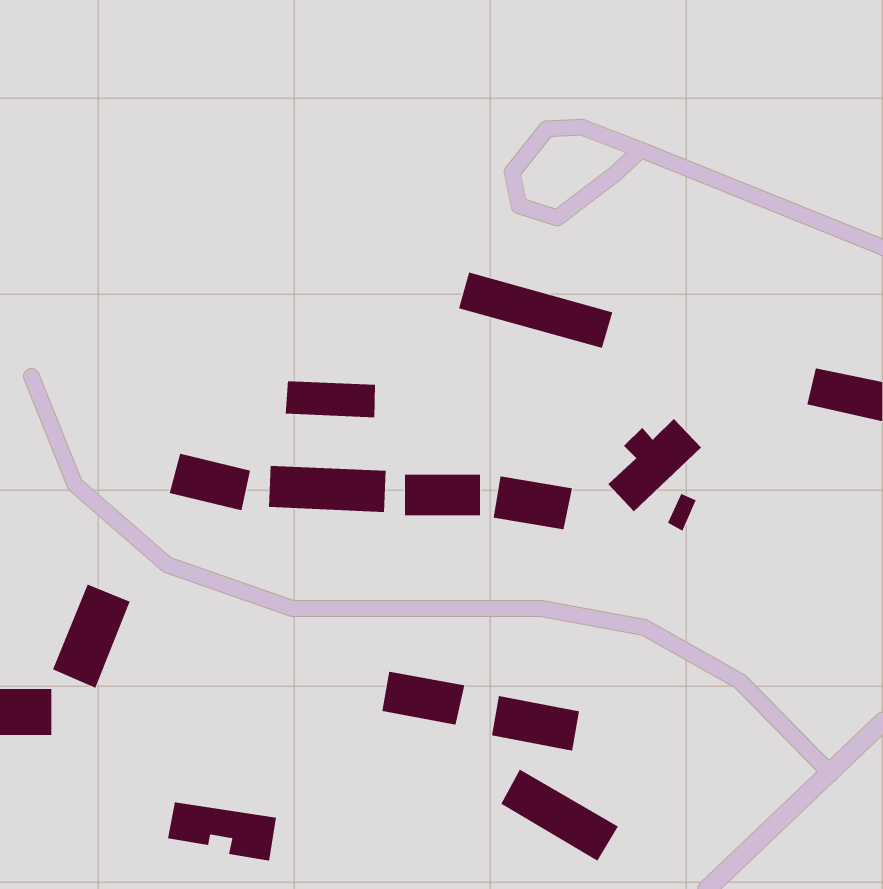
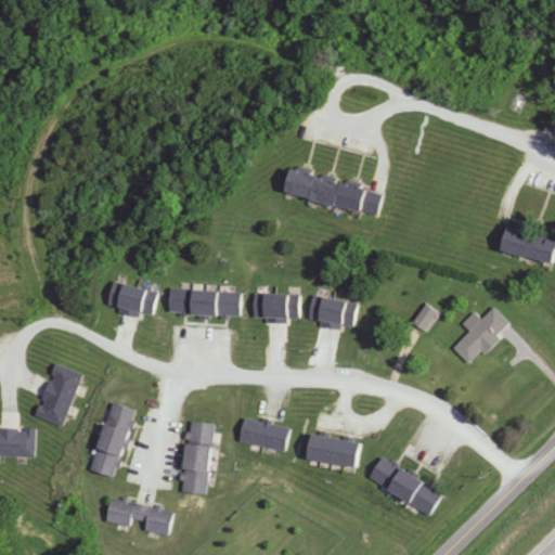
building: [285,381,375,418] -> none
building: [608,418,702,512] -> [452,308,511,366]
building: none -> [90,402,134,479]
building: none -> [180,421,215,495]
building: [500,769,619,861] -> [369,456,442,514]

